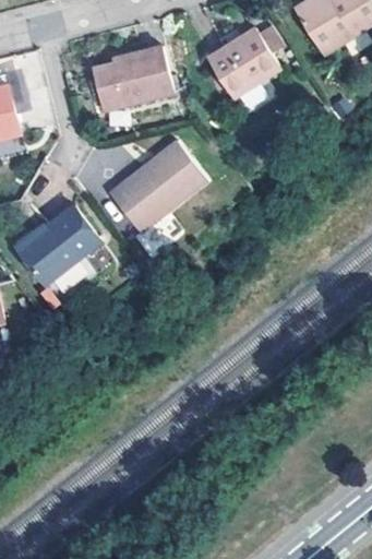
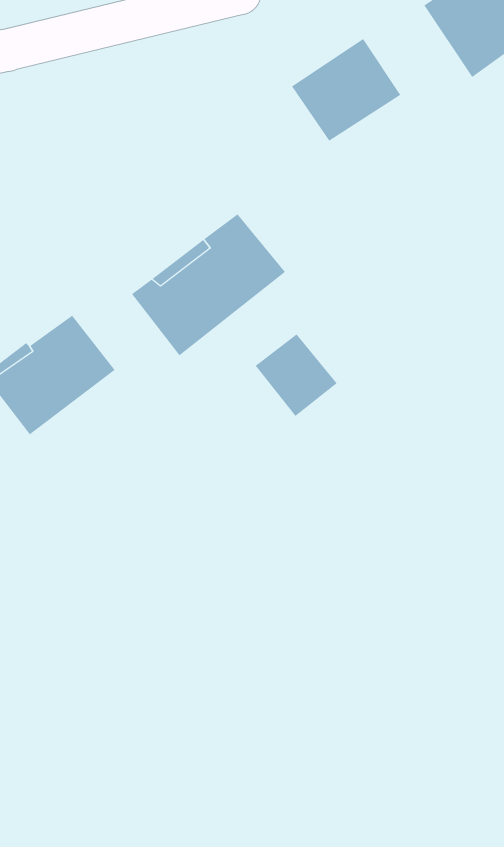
building: [92,47,175,114] -> none
building: none -> [255,333,338,417]

